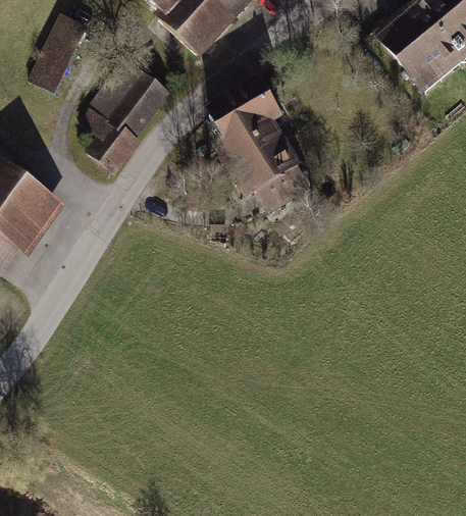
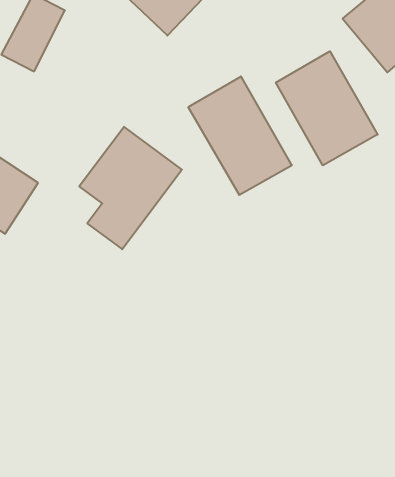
building: [73,49,178,174] -> [79,127,182,249]
building: none -> [276,51,378,165]

